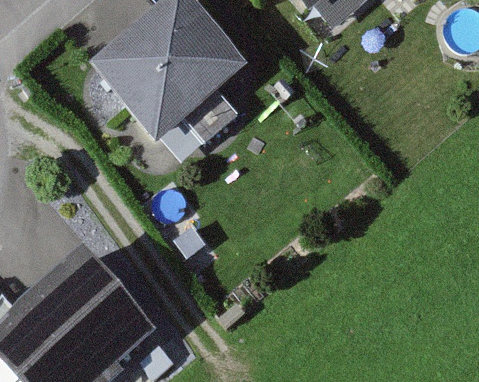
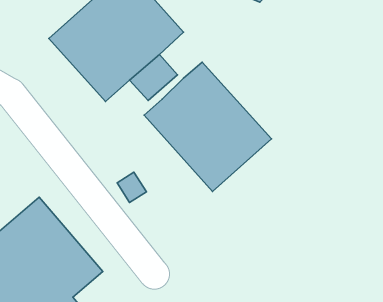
building: none -> [144,62,271,192]

